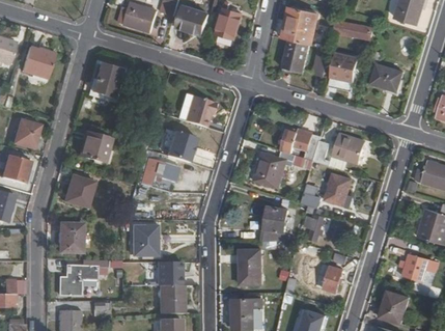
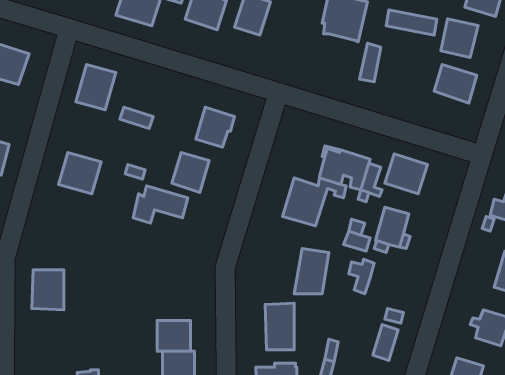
building: [282,38,309,72] -> none
building: [330,52,359,82] -> [441,19,478,58]
building: [63,174,94,208] -> none
building: [132,225,157,255] -> none
building: [58,258,108,295] -> none

